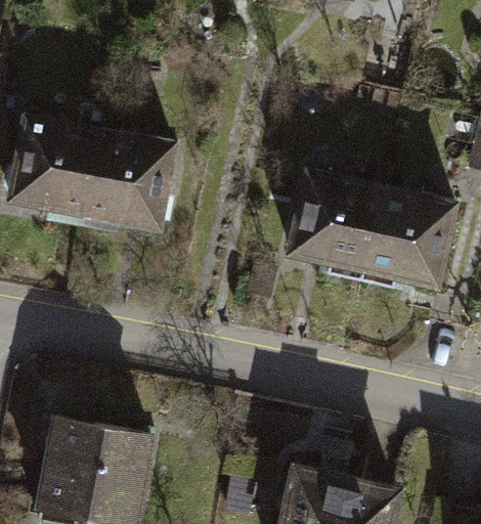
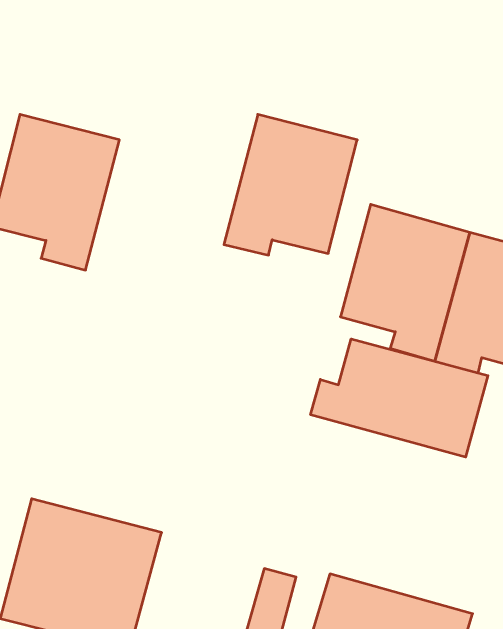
building: [84,129,184,239] -> [224,114,357,255]
building: none -> [311,339,488,457]

